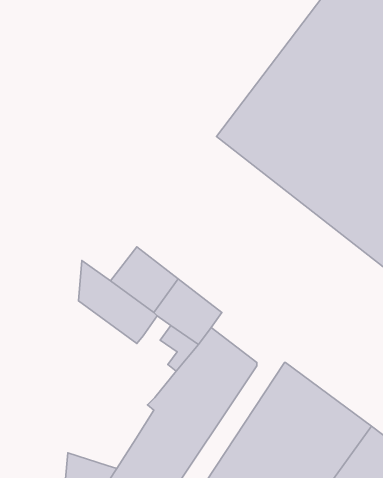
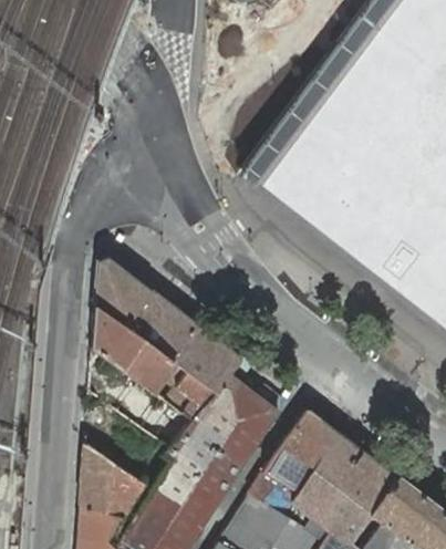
building: none -> [98,256,156,324]
building: none -> [84,443,147,517]

